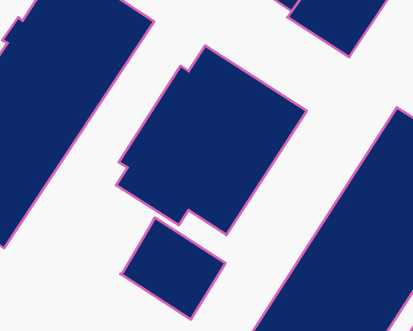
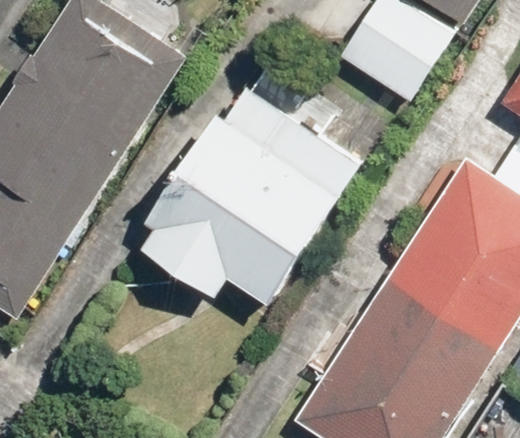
building: [120,218,225,319] -> none

